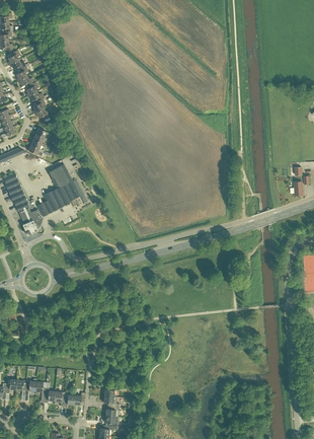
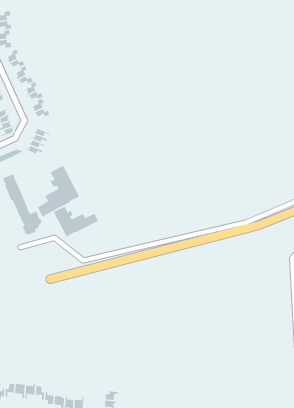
building: none -> [53,205,99,237]

